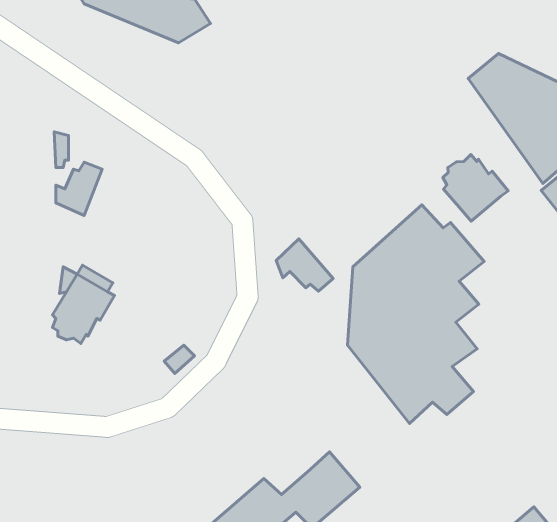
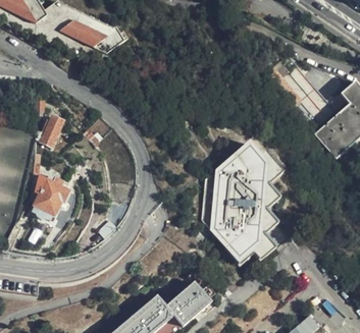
building: [443,154,508,221] -> none
building: [276,239,333,291] -> none

